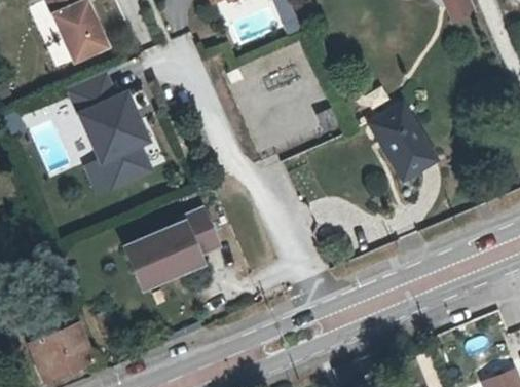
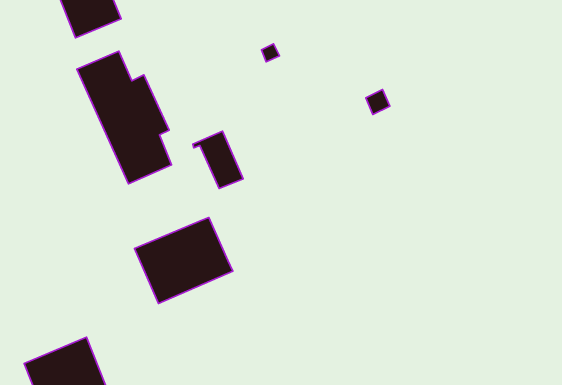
building: [367,102,436,179] -> none
building: [177,205,220,255] -> [193,131,243,189]

